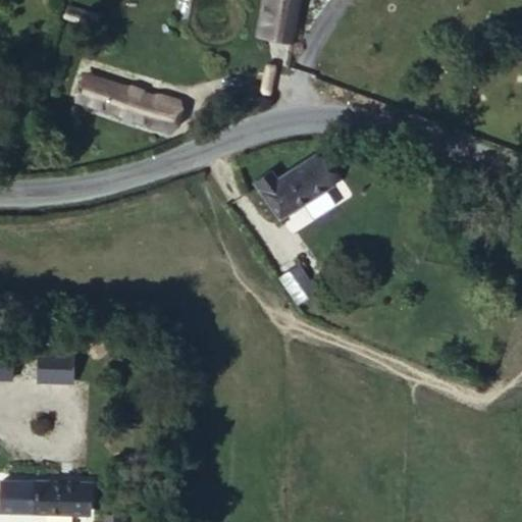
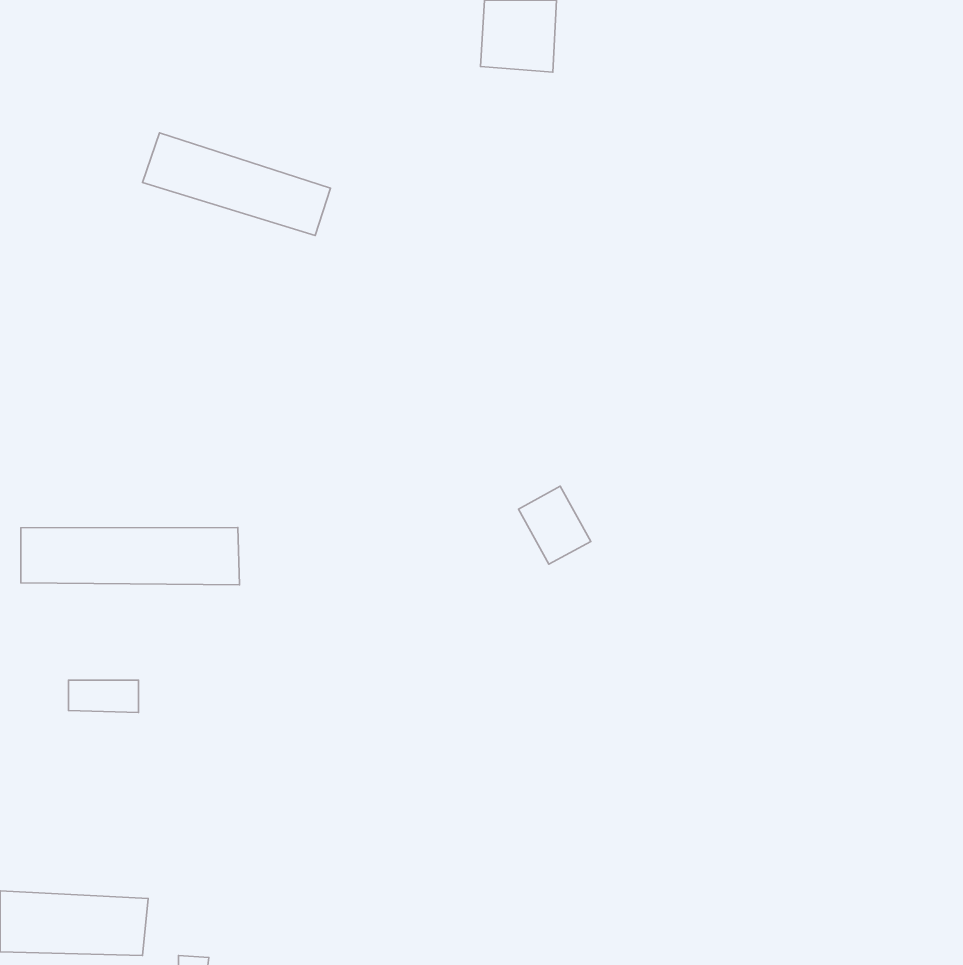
building: [251,157,331,221] -> none
building: none -> [21,527,239,585]

